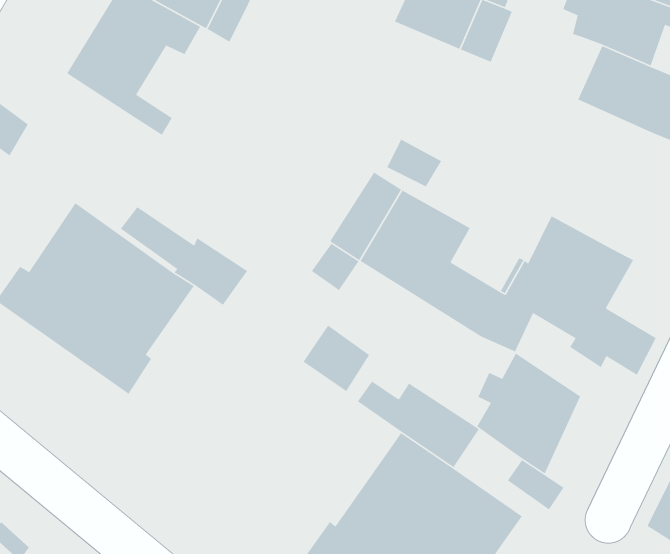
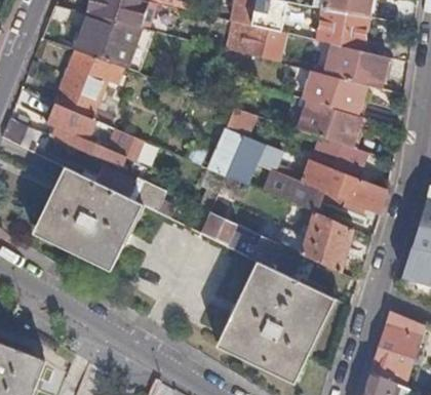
building: none -> [46,103,144,169]
building: none -> [299,71,367,149]

